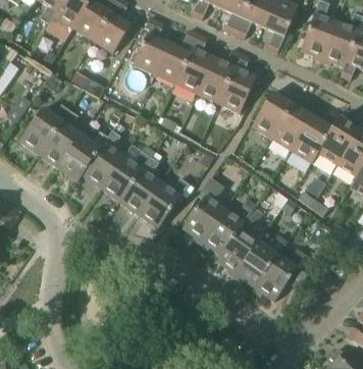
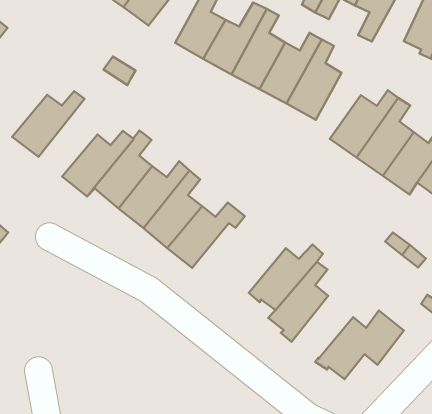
building: [39,109,81,167] -> none
building: [182,176,224,243] -> none
building: [234,235,287,287] -> none

